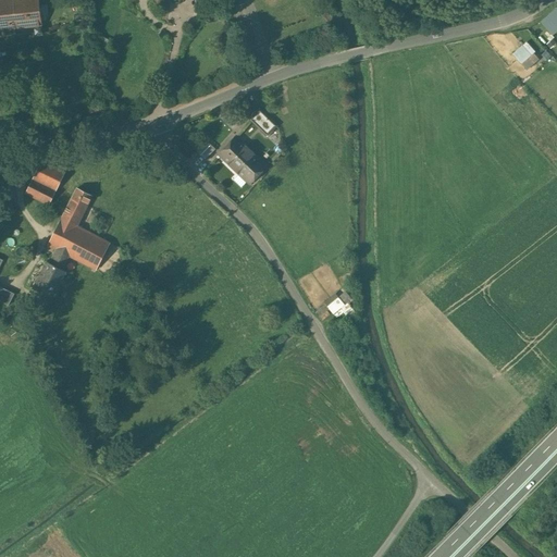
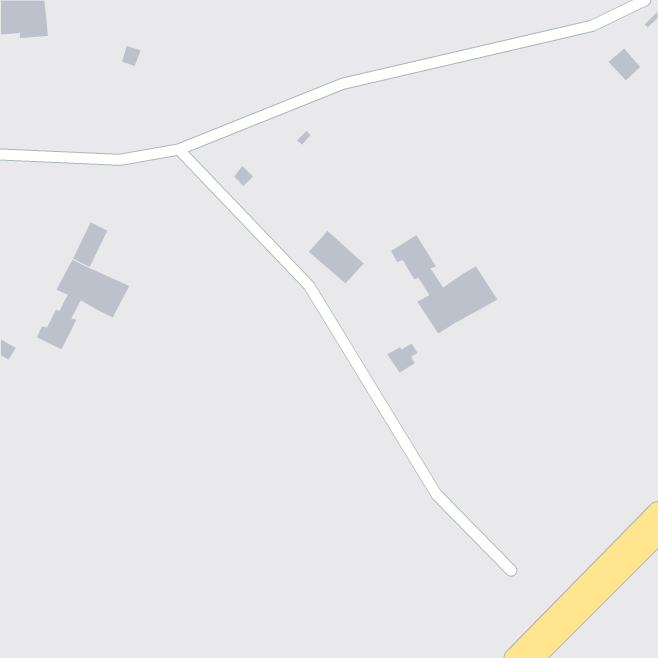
building: [219,136,267,182] -> [308,230,365,284]
building: [26,161,64,203] -> none
building: none -> [390,234,498,334]

